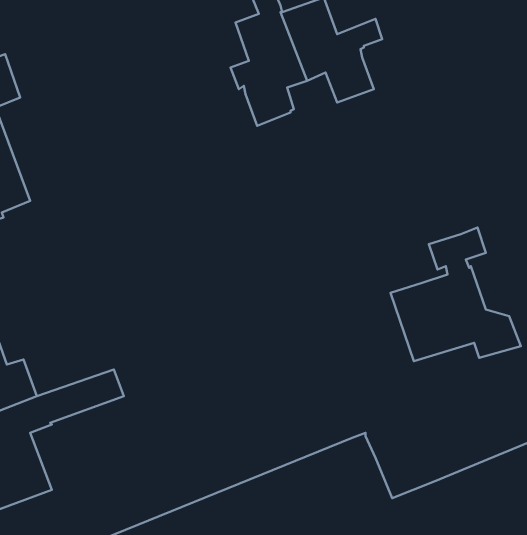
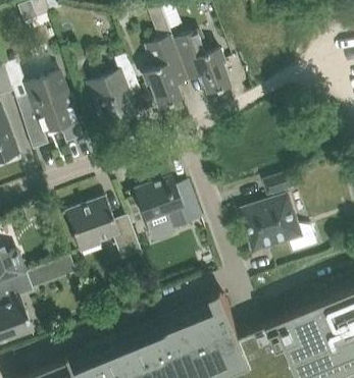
building: none -> [87,52,141,120]
building: none -> [21,62,83,149]
building: none -> [133,166,201,229]
building: none -> [65,197,141,259]

